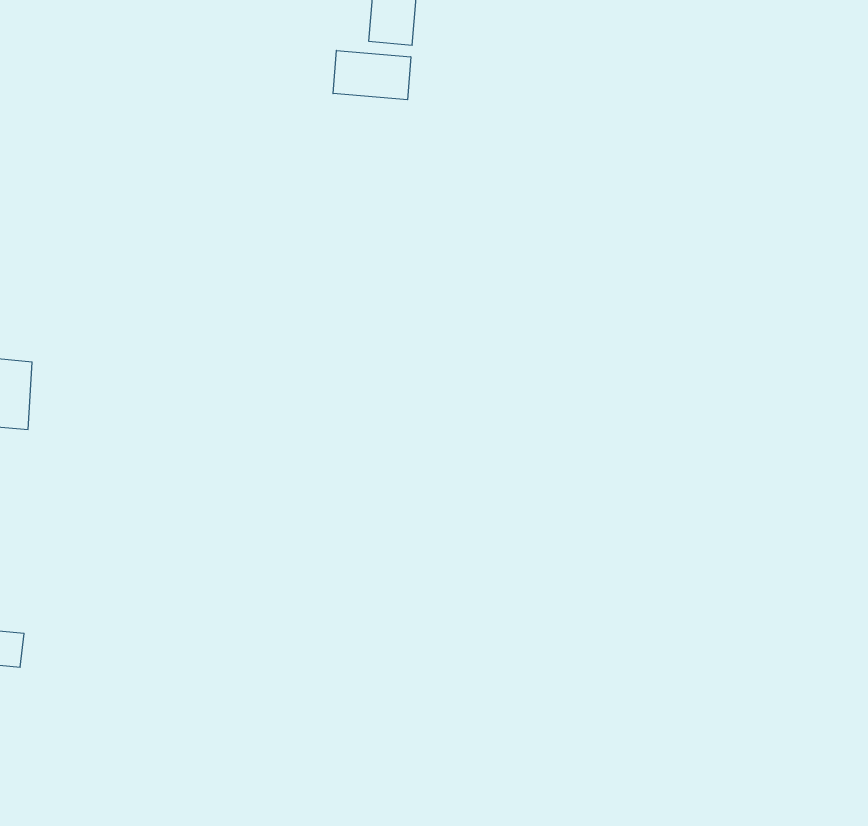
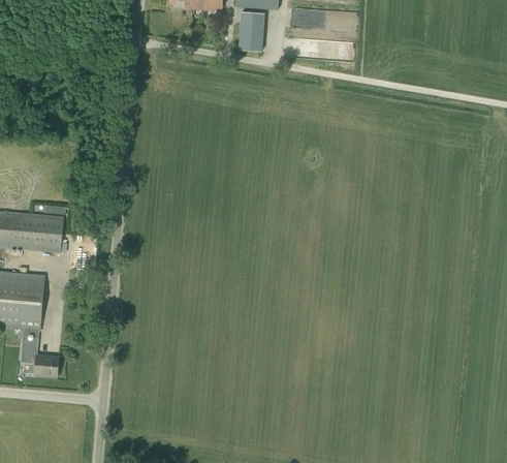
building: [333,50,411,100] -> none

